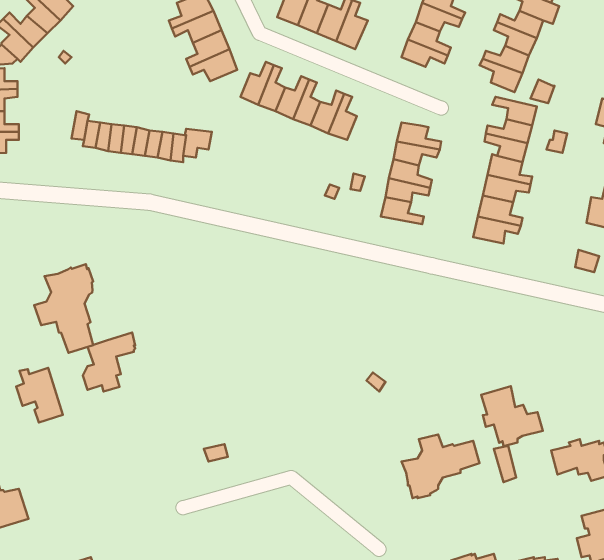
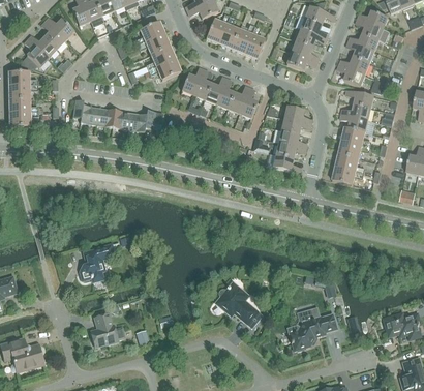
building: [34,264,93,353] -> none
building: [16,368,63,423] -> none
building: [481,386,543,446] -> none
building: none -> [215,281,263,328]
building: none -> [91,312,126,345]

